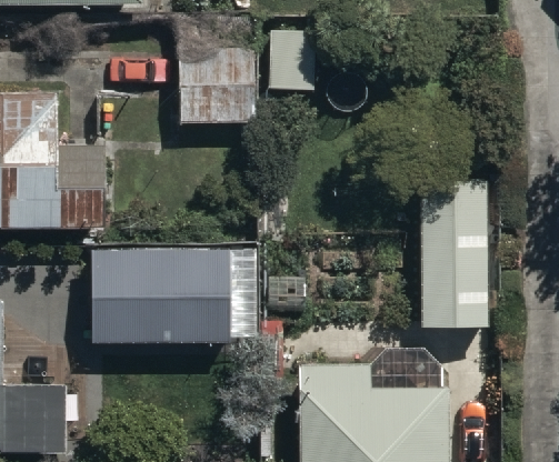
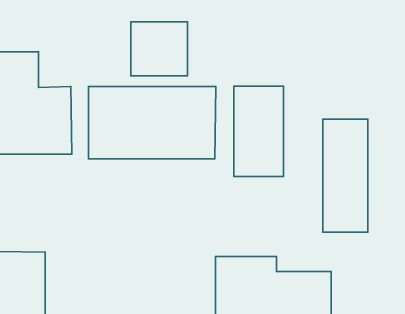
building: none -> [234,86,283,176]
building: [84,245,254,342] -> [88,87,216,159]

